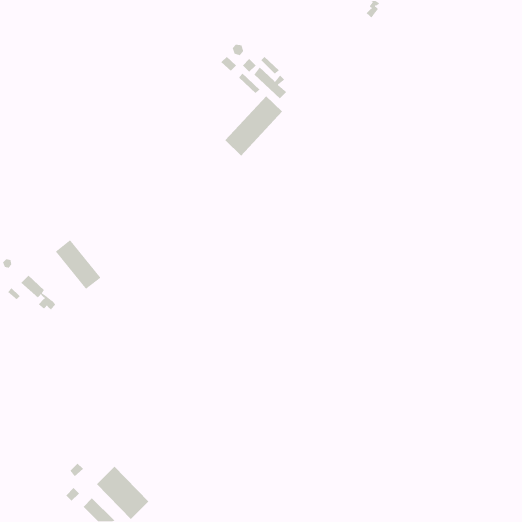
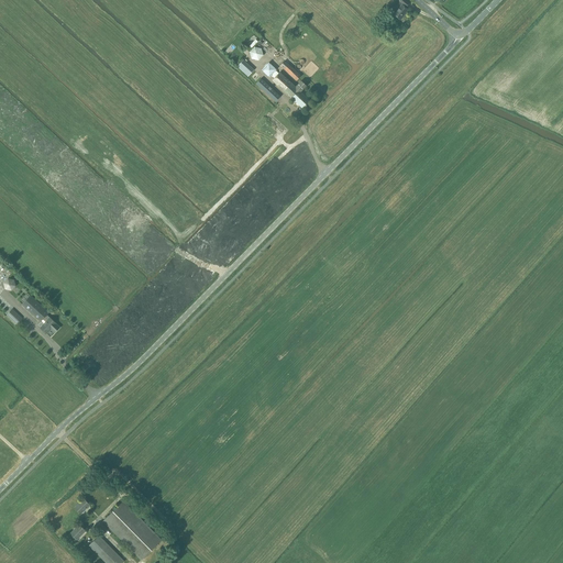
building: [225,95,283,156] -> none
building: [55,239,101,290] -> none

